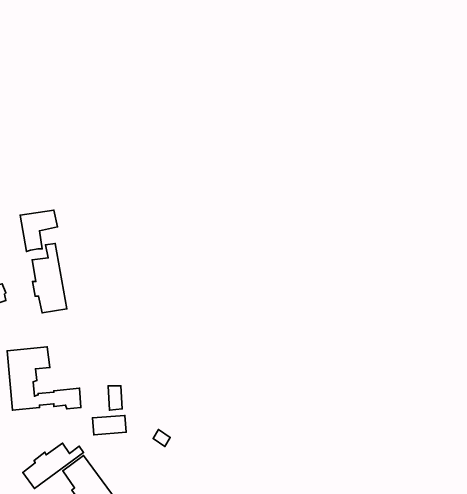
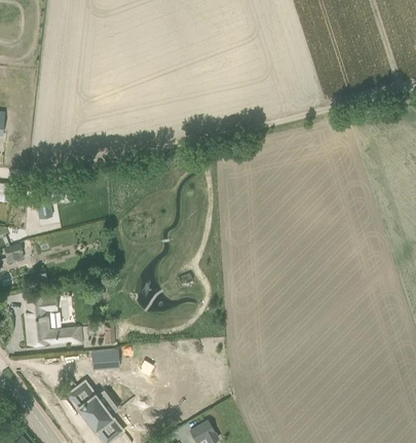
building: [32,243,67,313] -> none
building: [23,443,83,489] -> none

